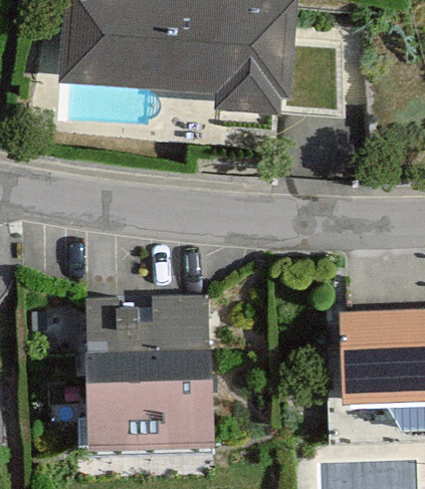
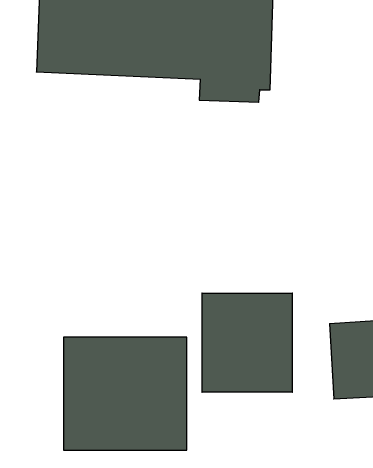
building: none -> [202,293,292,392]

